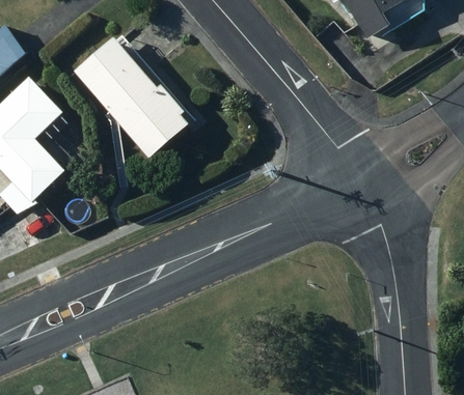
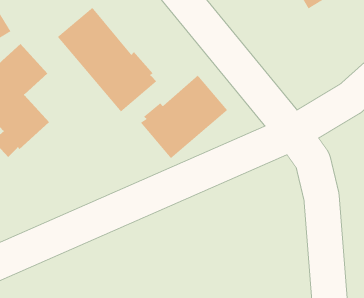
building: none -> [140,75,228,159]

